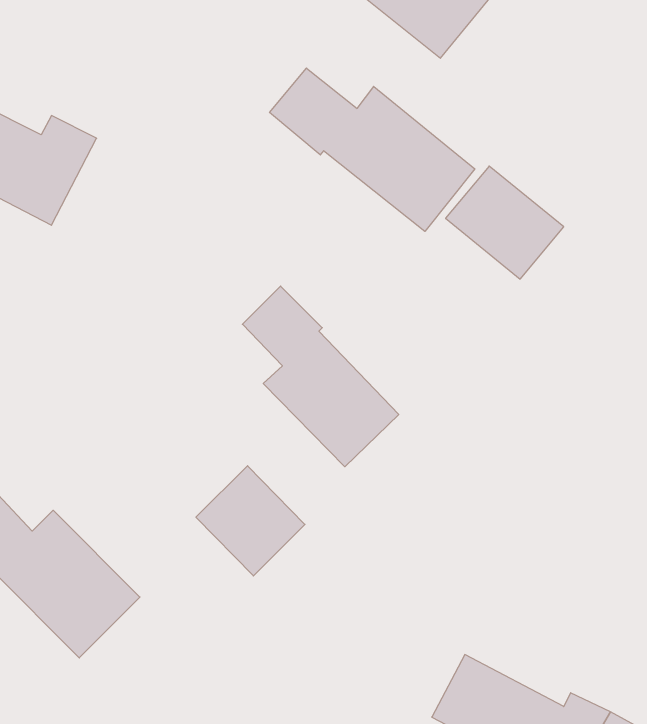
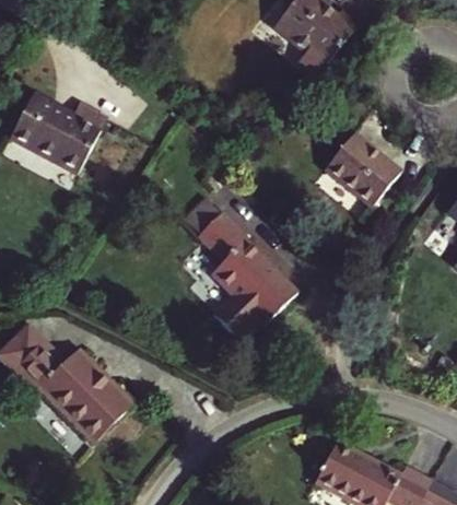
building: [270,68,475,231] -> none
building: [196,466,305,576] -> none

